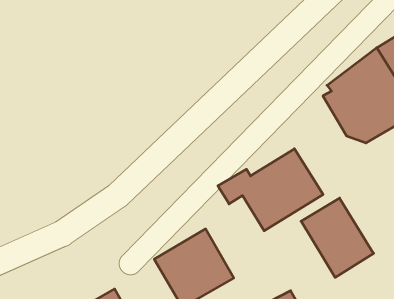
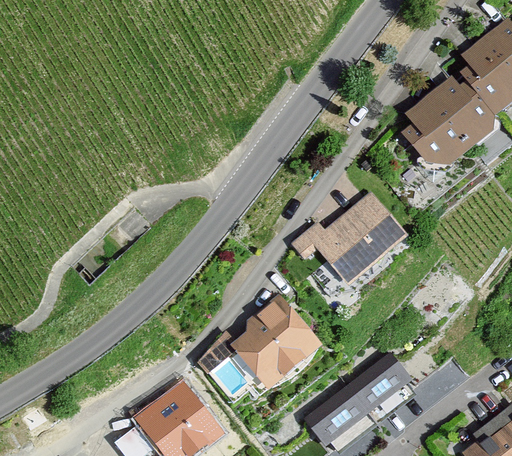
building: [301,198,374,277] -> none

